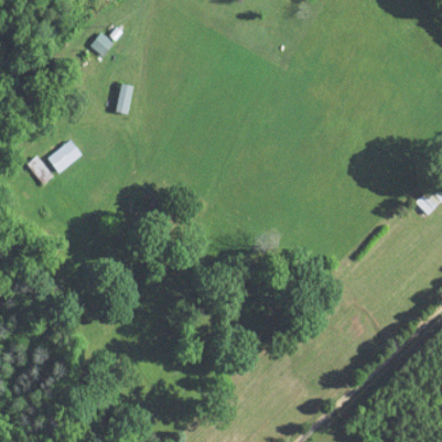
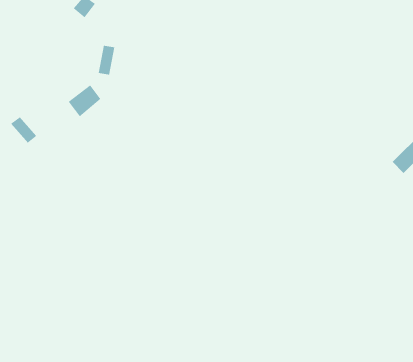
building: [46,140,80,173] -> [68,85,101,117]

